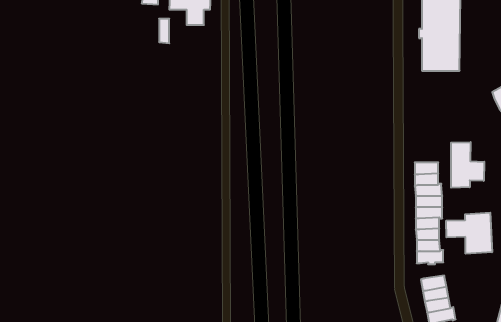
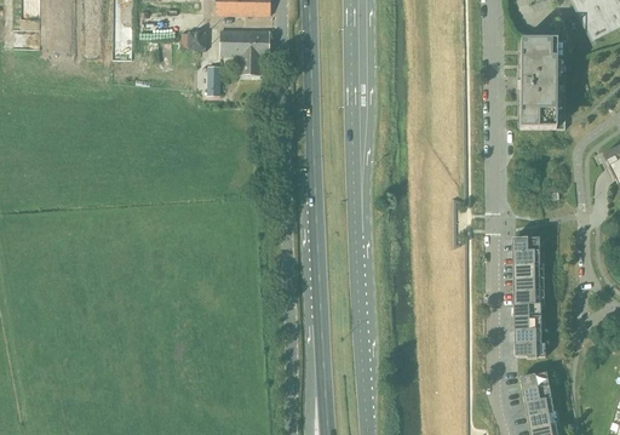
building: [451,142,484,188] -> none
building: [446,213,492,254] -> none

